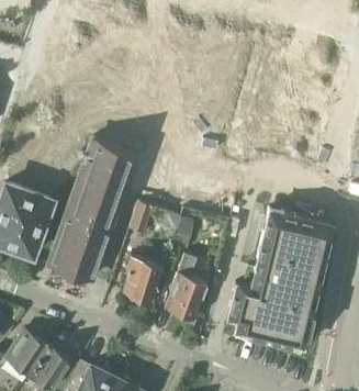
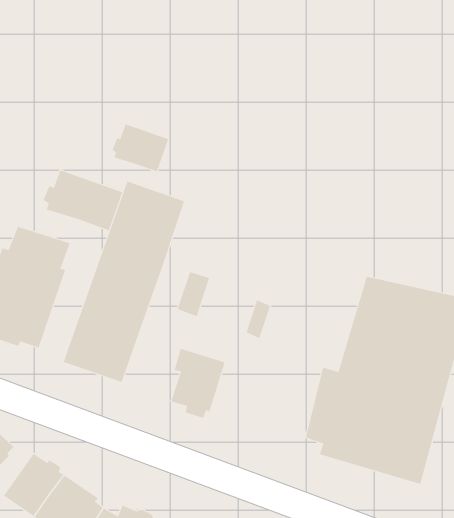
building: none -> [112,124,169,173]
building: none -> [43,170,123,232]
building: [168,255,207,323] -> none

